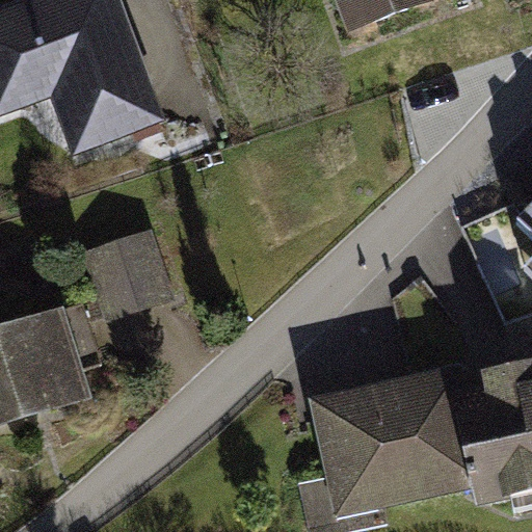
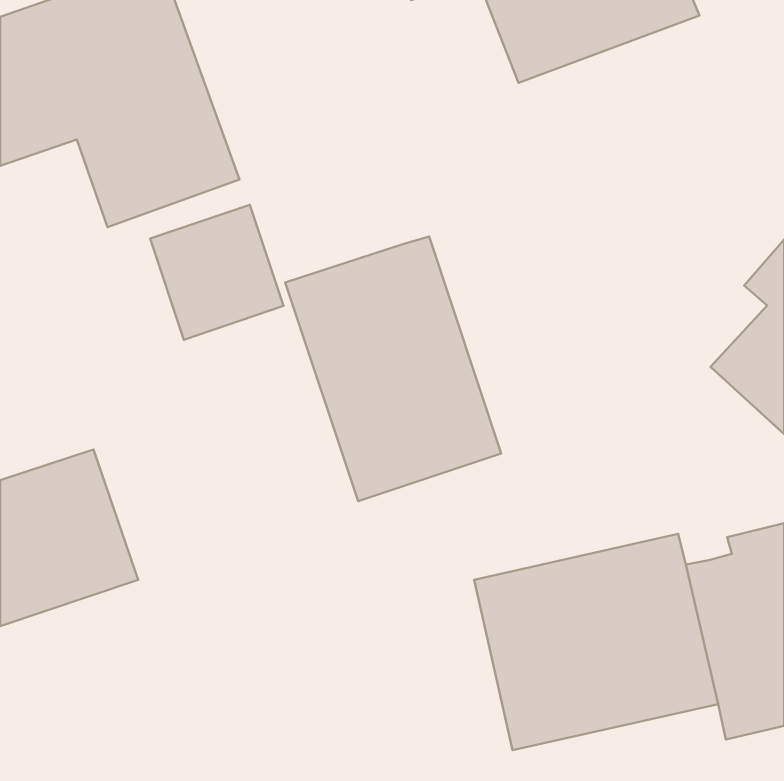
building: none -> [285,236,501,501]
building: [84,231,175,322] -> [150,205,283,340]

